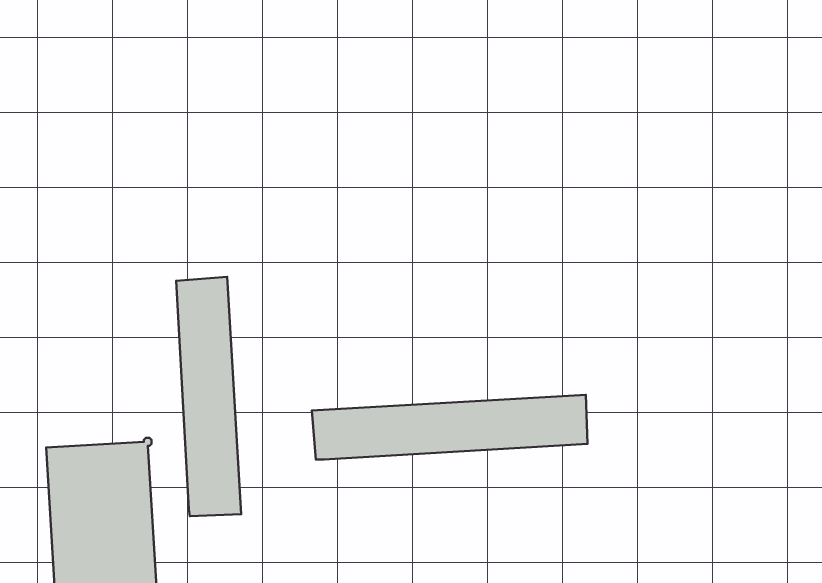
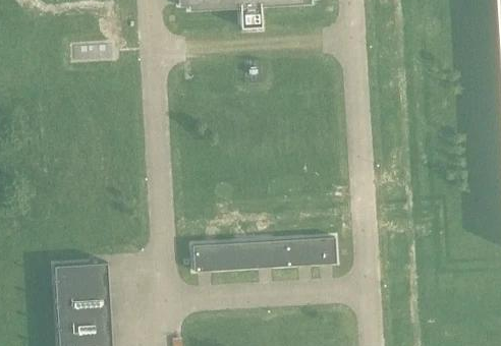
building: [176,277,241,516] -> none

